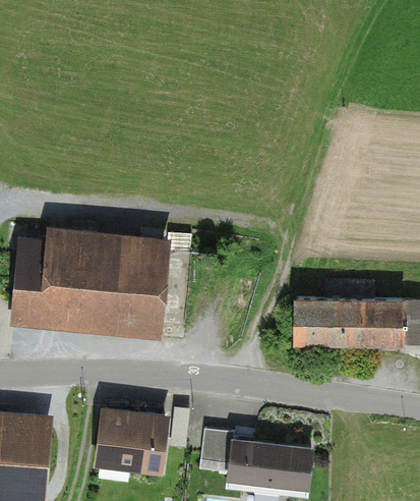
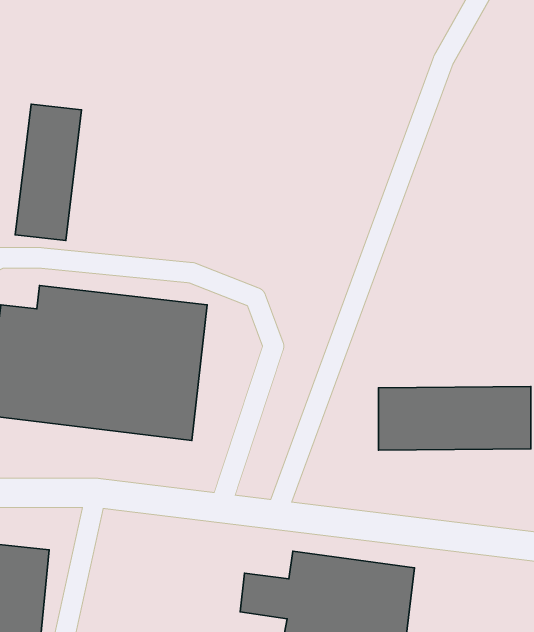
building: none -> [15,104,82,240]
building: [95,406,173,476] -> none

